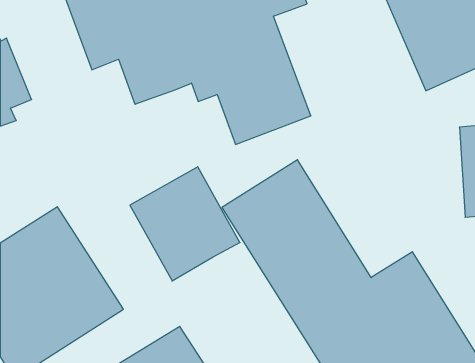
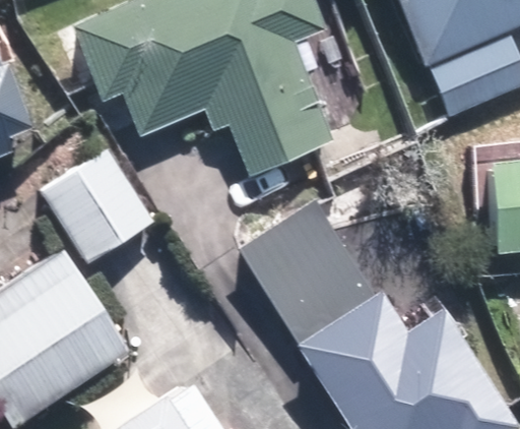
building: [130,167,240,281] -> [37,142,153,263]

